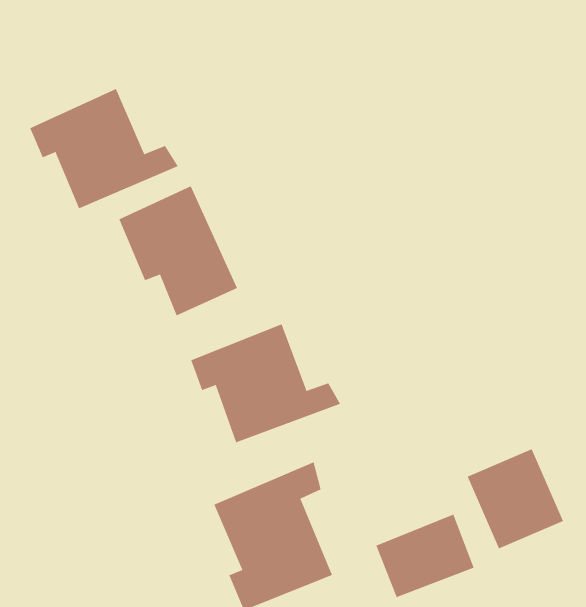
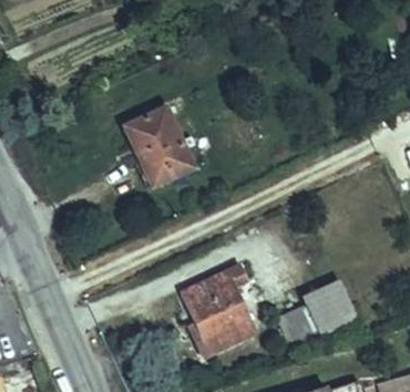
building: [29,88,178,209] -> none
building: [190,324,341,443] -> none

